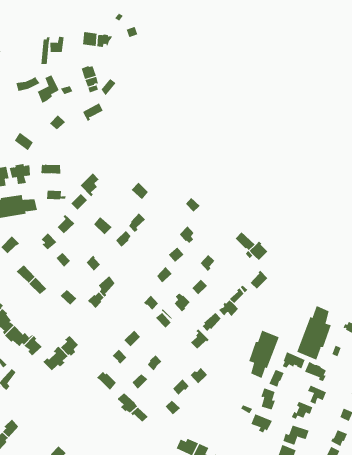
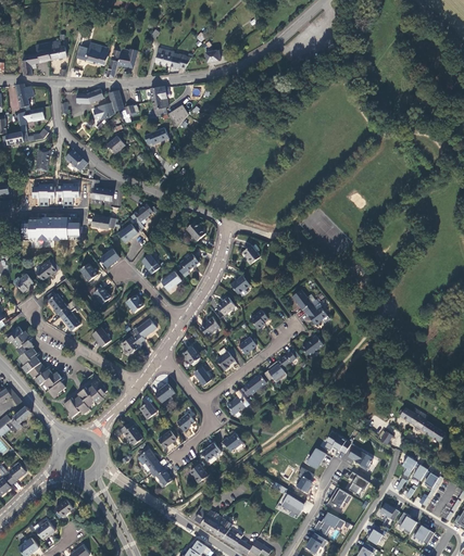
building: none -> [76,43,109,66]
building: [296,305,331,361] -> none
building: [249,330,279,379] -> none

